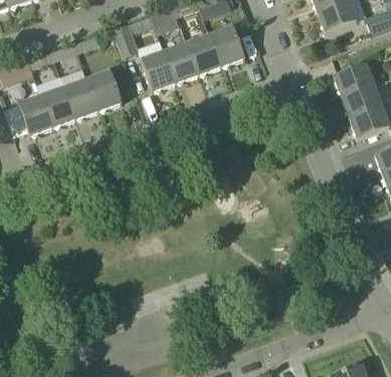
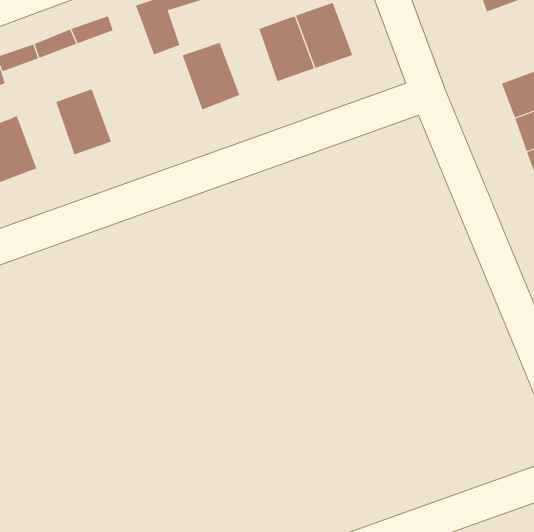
building: [164,42,198,82] -> none
building: [86,70,122,110] -> none
building: [41,86,75,126] -> none

